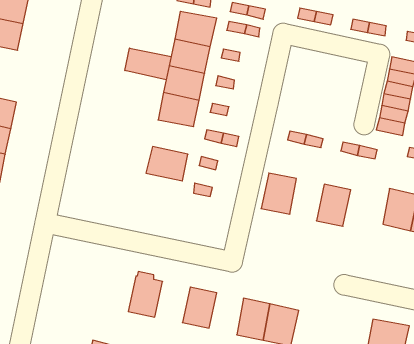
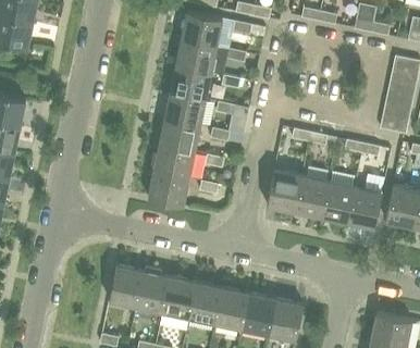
building: [125,48,171,80] -> none
building: none -> [159,119,199,152]
building: none -> [147,171,188,206]
building: none -> [294,176,328,217]
building: none -> [346,187,381,228]
building: none -> [108,265,143,307]
building: none -> [161,277,196,318]
building: none -> [214,288,248,330]

